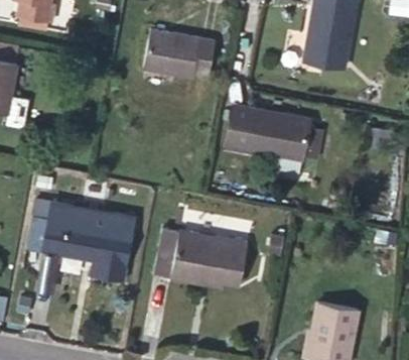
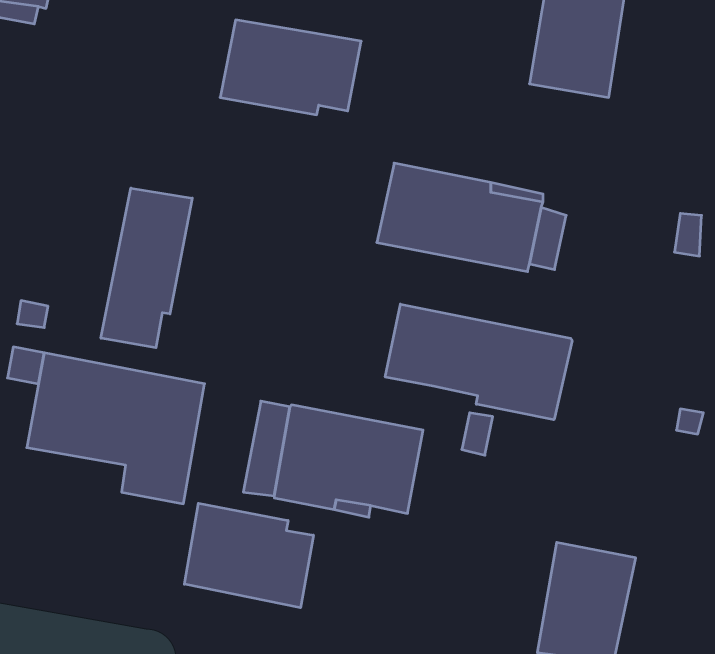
building: none -> [101,188,192,348]
building: none -> [385,304,572,420]
building: none -> [184,503,313,608]

